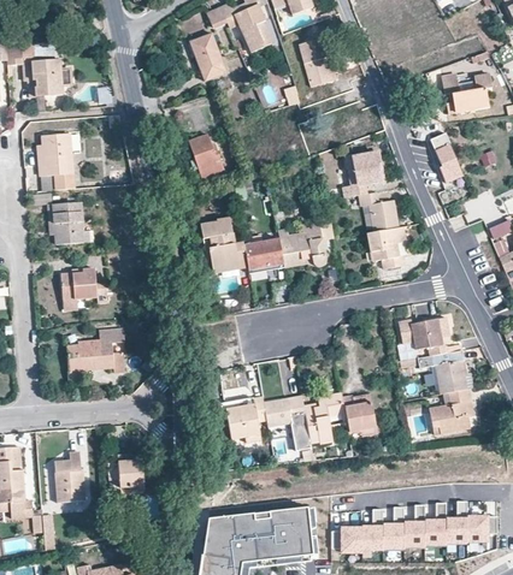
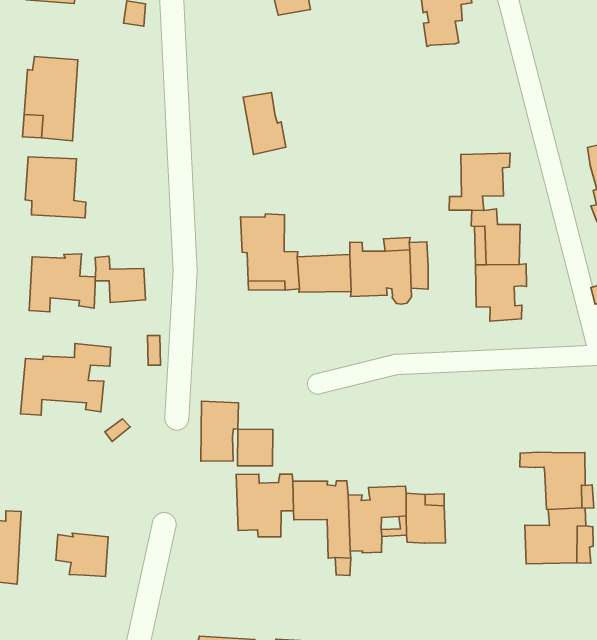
building: none -> [95,256,145,302]
building: [400,316,450,355] -> none
building: none -> [201,401,238,461]

